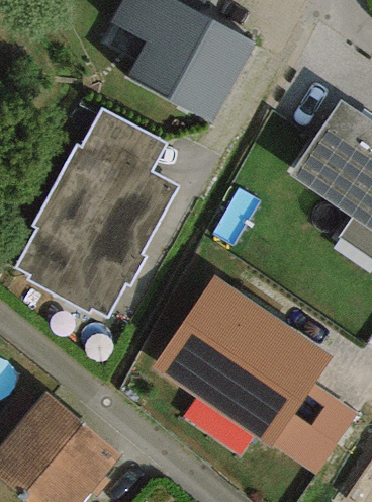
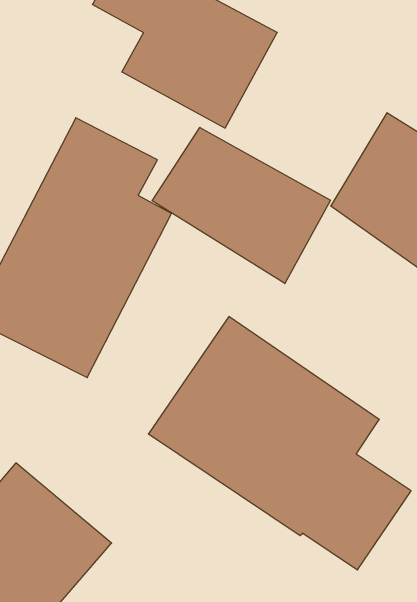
building: none -> [152,127,330,284]

